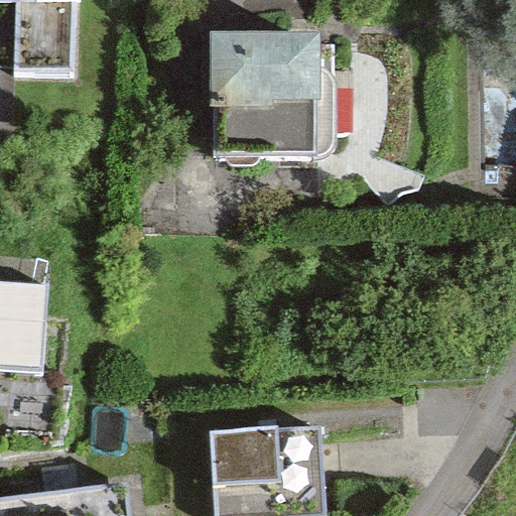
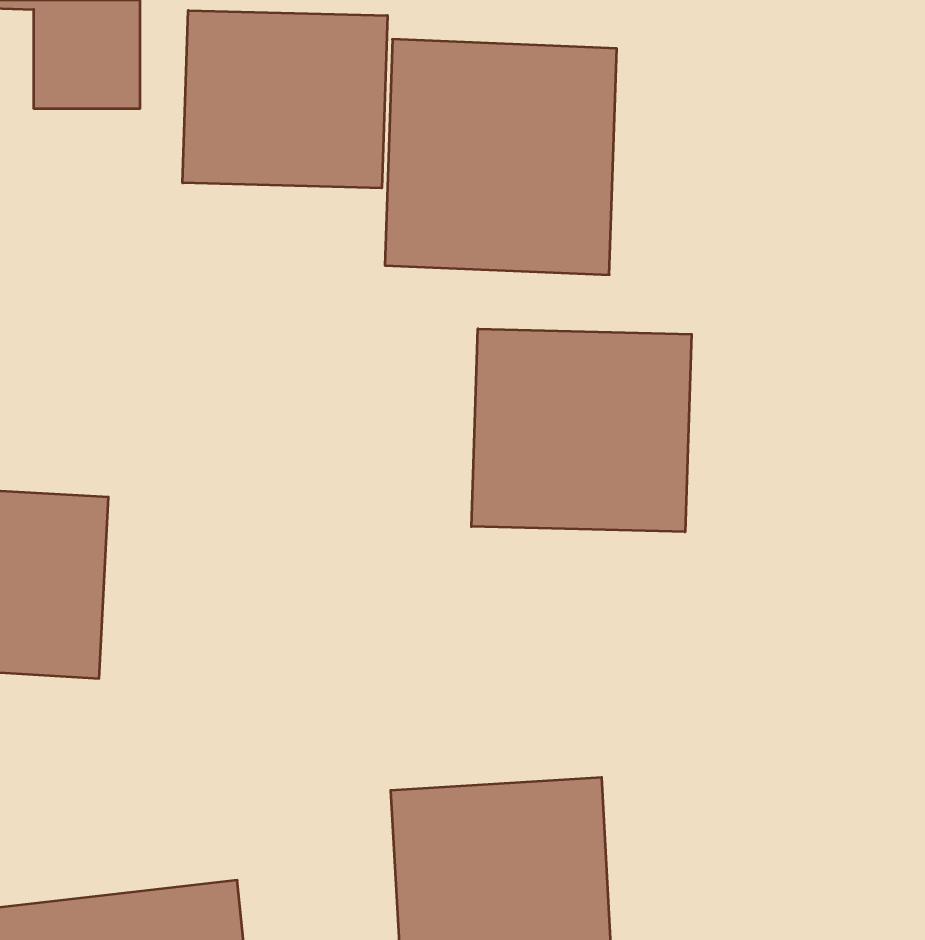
building: none -> [183,10,387,188]
building: none -> [471,329,692,532]

